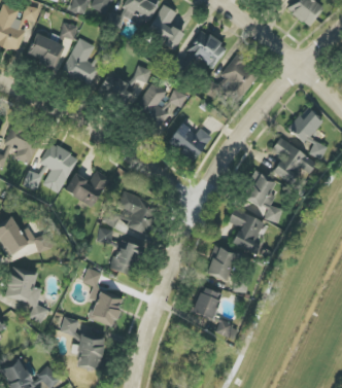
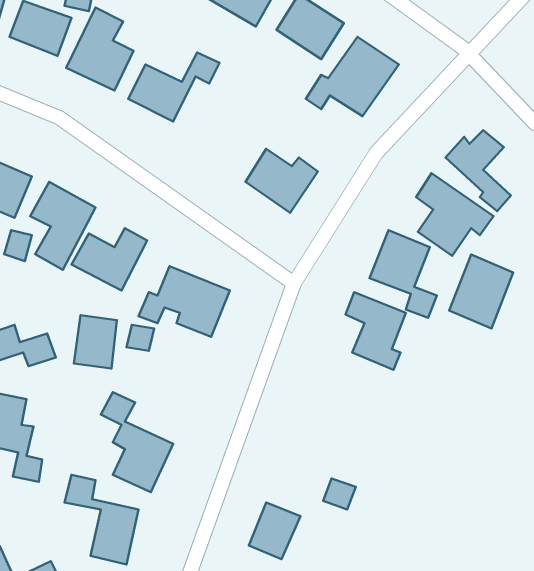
building: [134,81,187,127] -> none
building: none -> [449,255,513,328]
building: [113,242,139,274] -> [74,315,117,369]
building: [206,246,237,280] -> none
building: [192,286,223,320] -> [249,502,301,559]

